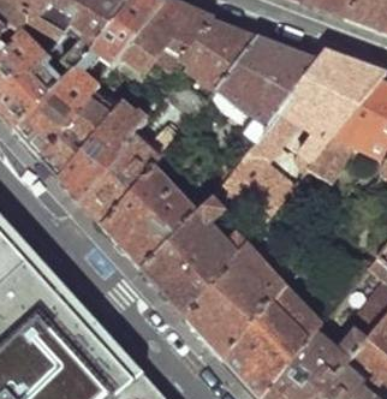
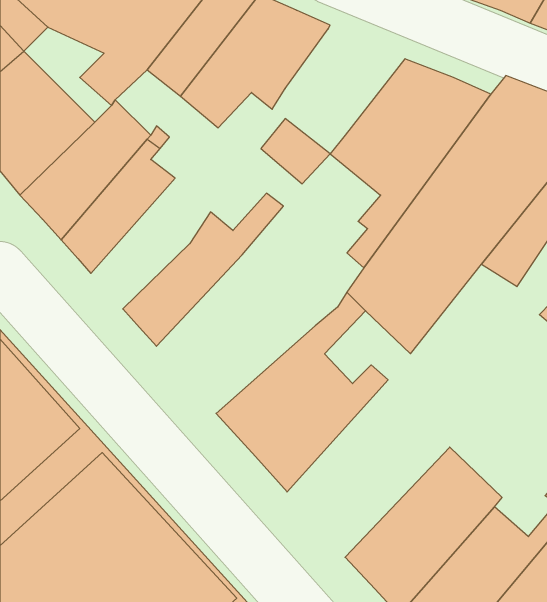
building: [184,20,261,89] -> none
building: [59,103,150,201] -> none
building: [101,166,203,268] -> none
building: [185,230,306,361] -> none

